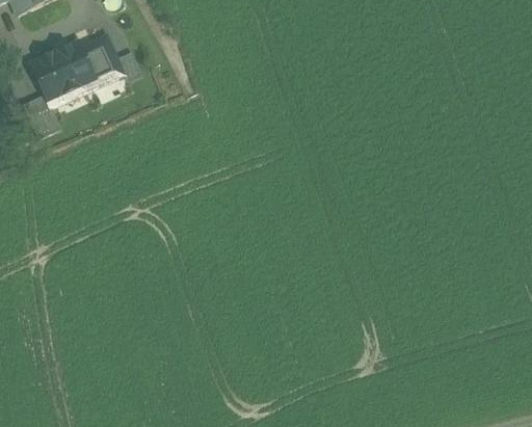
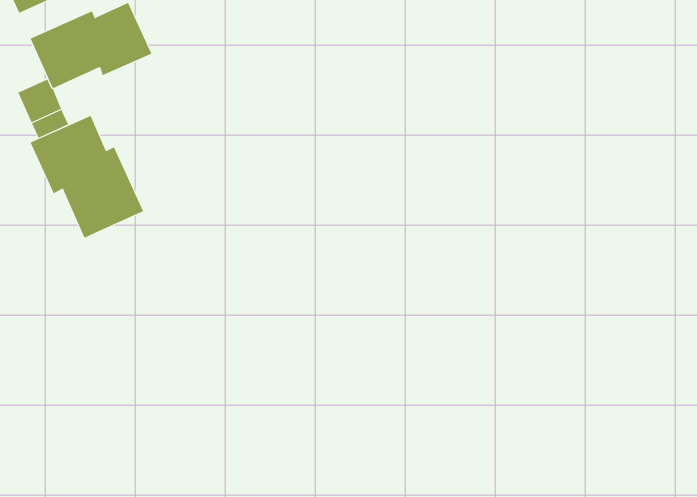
building: none -> [30,115,144,238]

